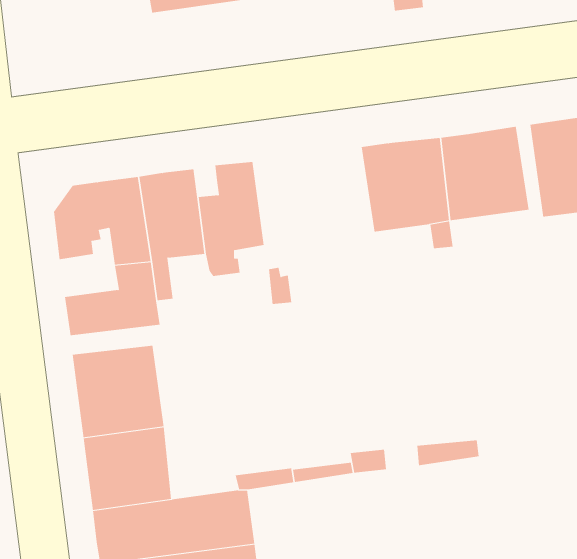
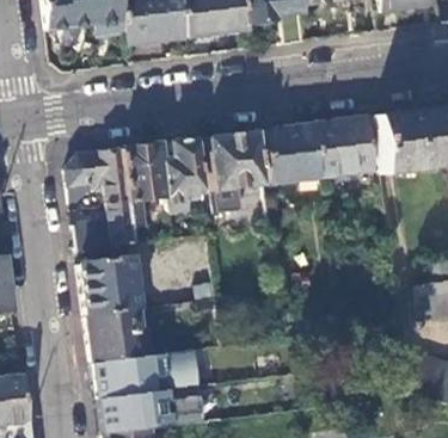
building: none -> [209,131,265,199]

